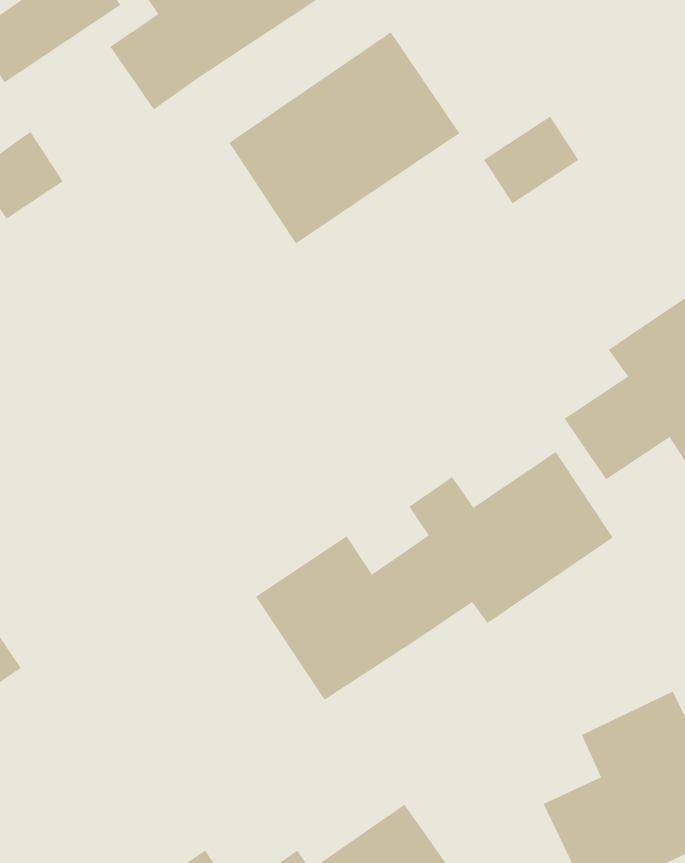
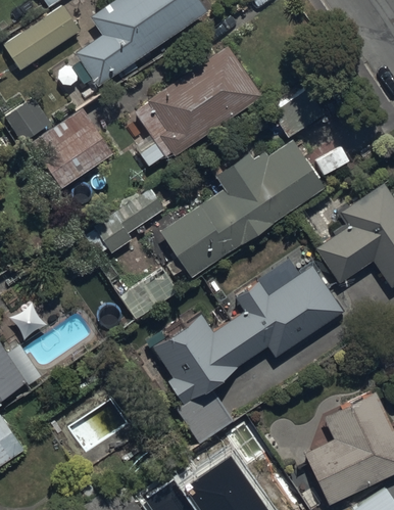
building: none -> [28,109,112,191]
building: none -> [161,145,323,278]
building: none -> [92,189,163,257]

